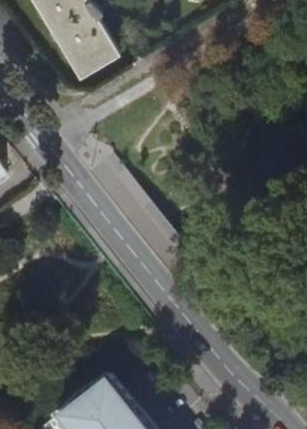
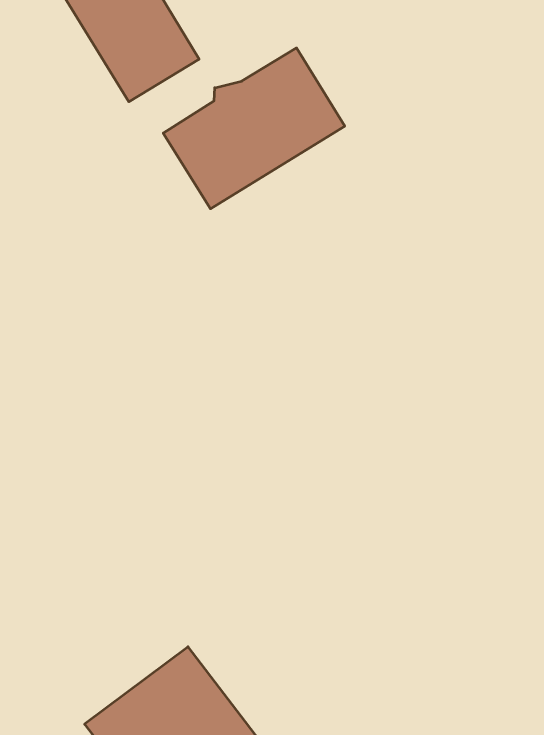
building: none -> [163,48,345,209]

